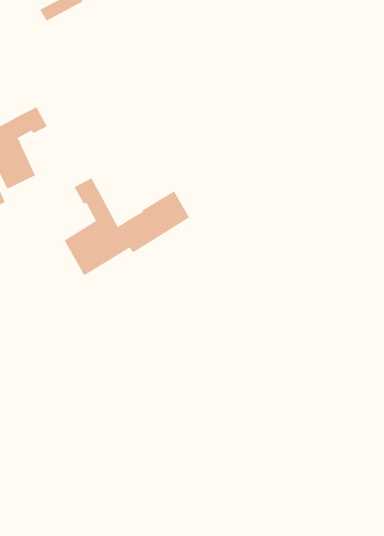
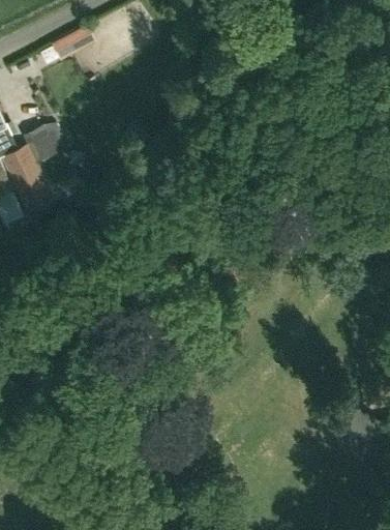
building: [64,177,190,276] -> none

